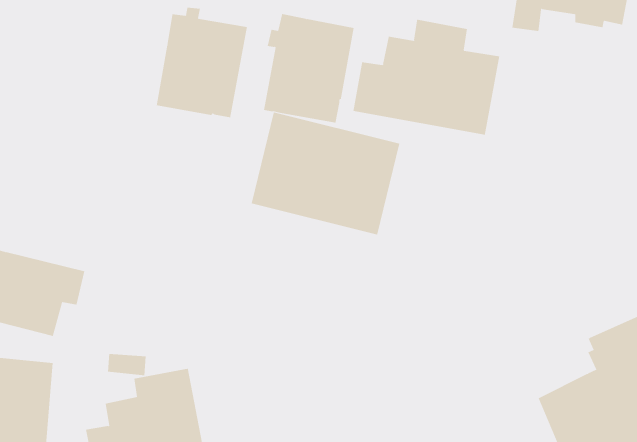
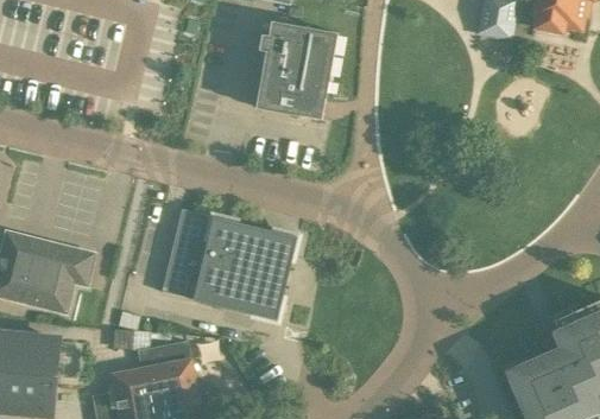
building: [156,7,247,118] -> none
building: [353,19,500,135] -> none
building: [251,112,400,235] -> [162,209,297,320]

